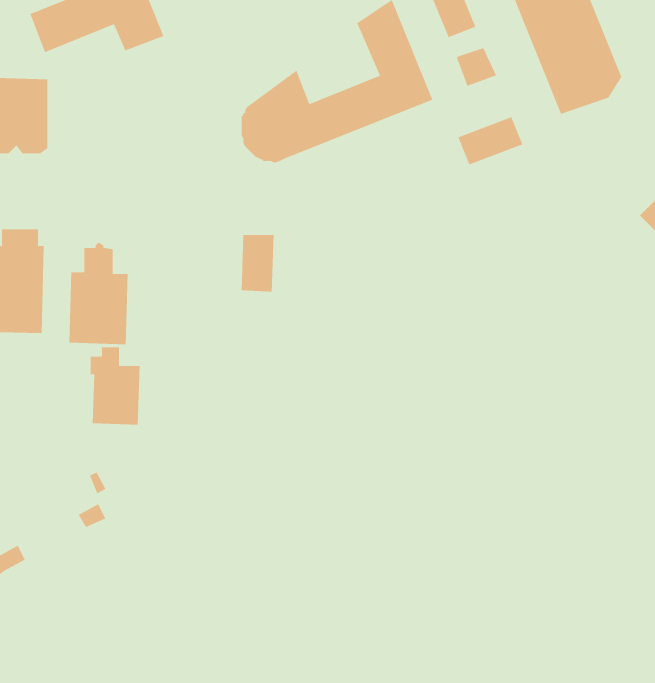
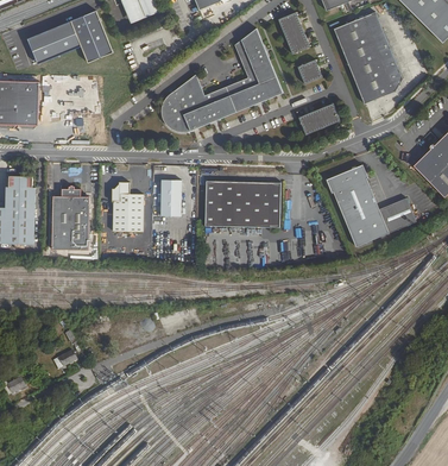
building: none -> [326,164,415,246]
building: none -> [206,180,280,226]
building: [90,347,140,425] -> [111,181,143,231]

